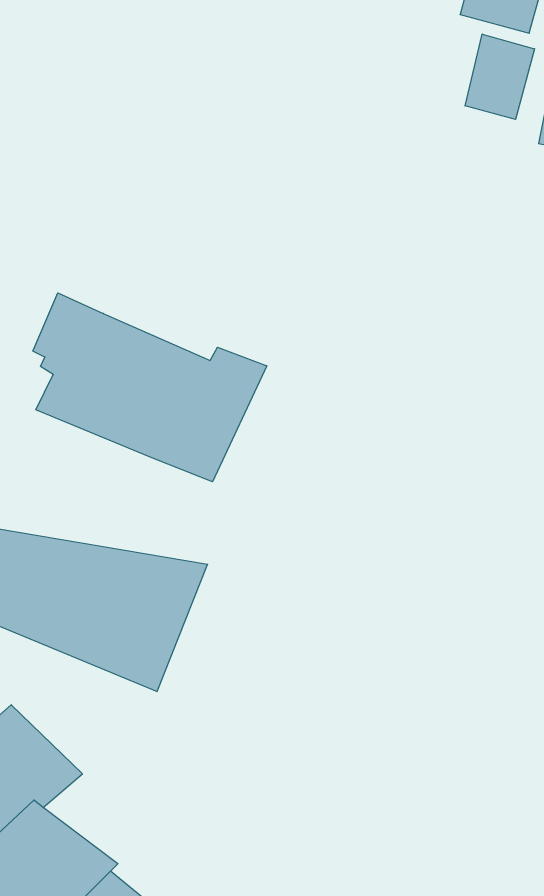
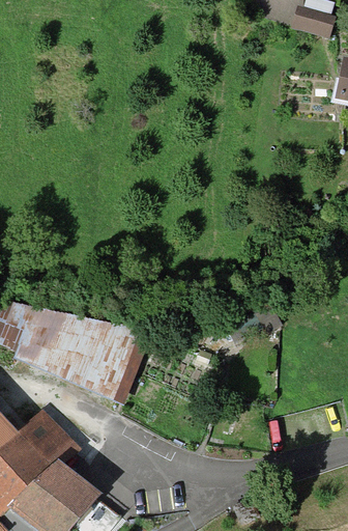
building: [465,34,535,119] -> none
building: [33,293,267,482] -> none

